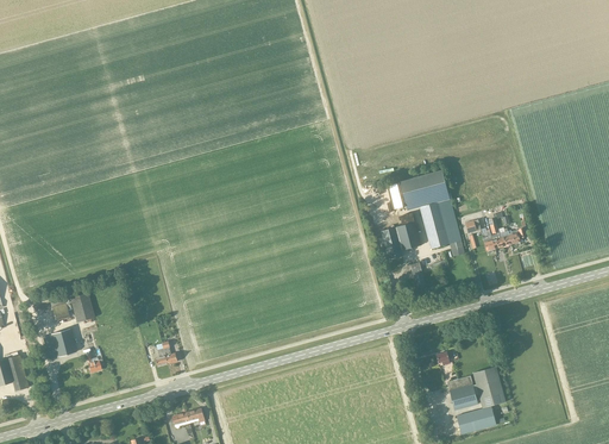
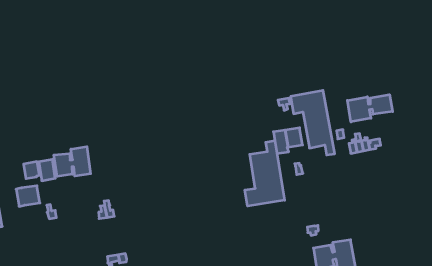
building: none -> [347,95,393,122]
building: none -> [245,140,285,206]
building: none -> [54,147,91,176]

